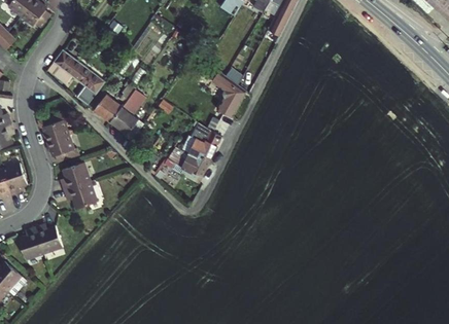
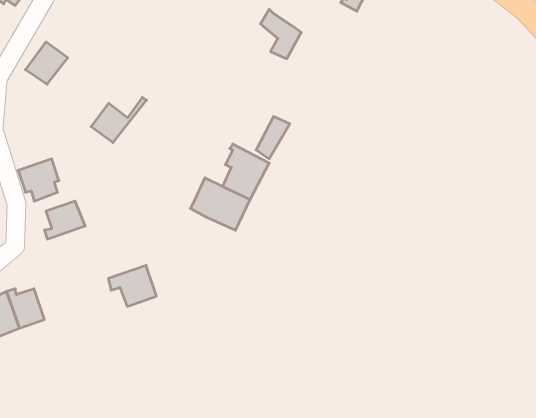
building: [64,63,105,104] -> none
building: [216,74,245,109] -> [260,9,301,59]
building: [110,91,144,137] -> none
building: [39,112,67,142] -> none
building: [64,181,98,210] -> [108,265,156,306]

